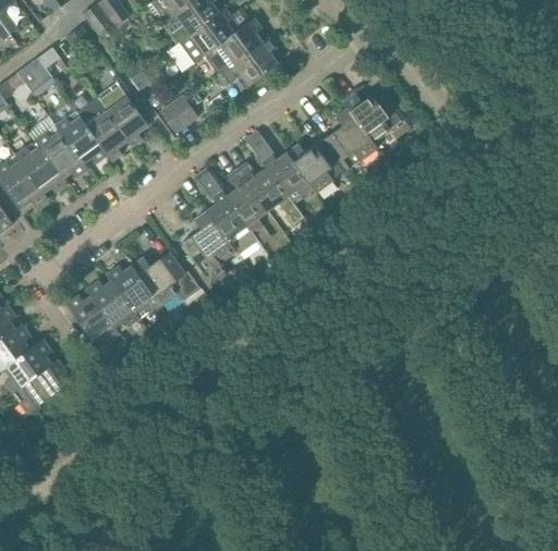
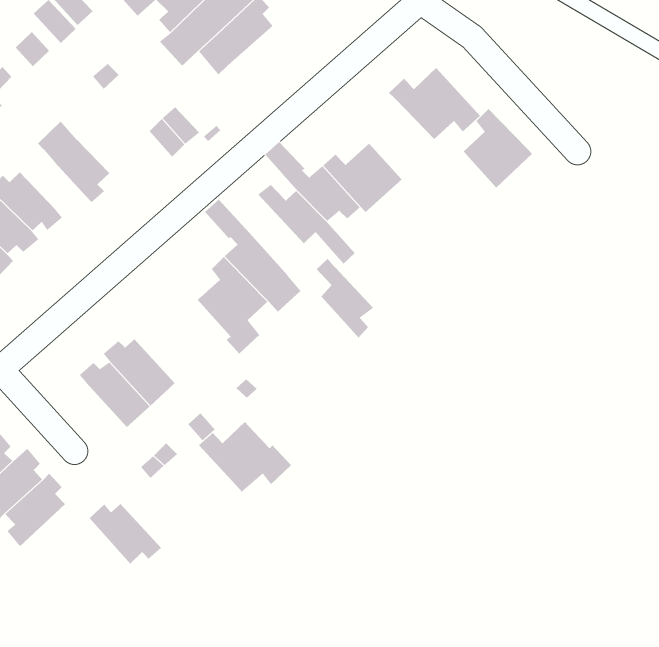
building: [216,38,277,89] -> none
building: [94,81,147,146] -> none
building: [324,108,376,169] -> [463,108,533,188]
building: [53,117,106,162] -> none
building: [226,168,266,231] -> [316,258,374,339]
building: [131,252,199,305] -> [198,421,292,493]
building: [65,294,118,342] -> [89,503,162,564]

